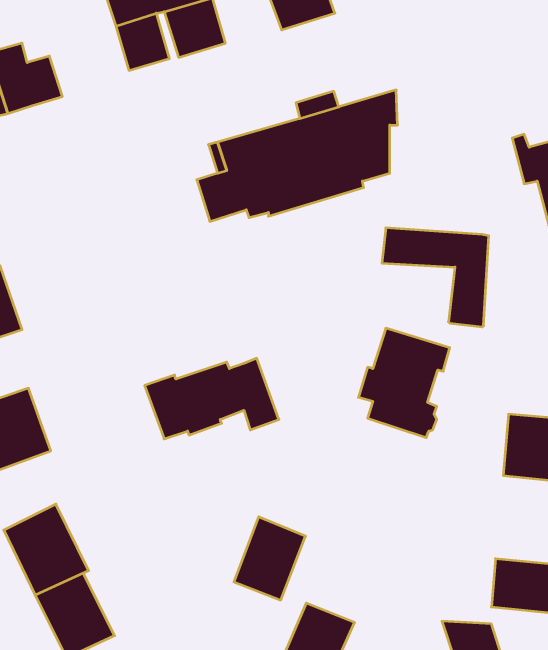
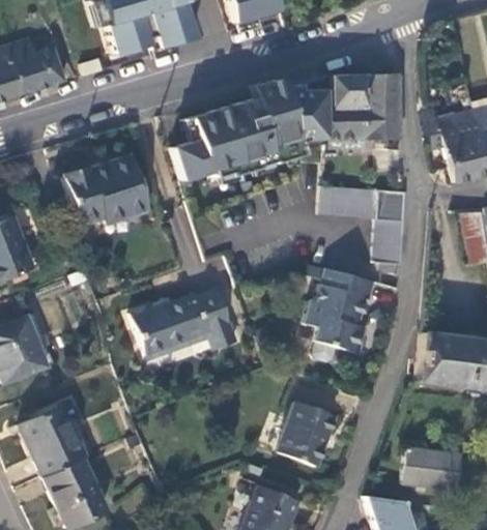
building: none -> [325,73,400,139]
building: none -> [64,153,148,224]
building: [234,517,306,600] -> [280,398,337,464]

